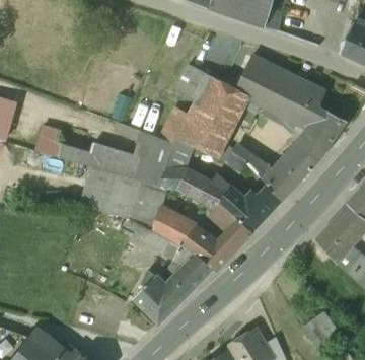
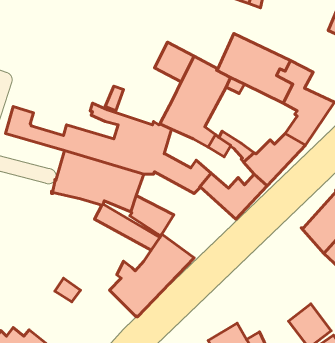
building: [161,106,194,141] -> none
building: [184,200,253,270] -> none

